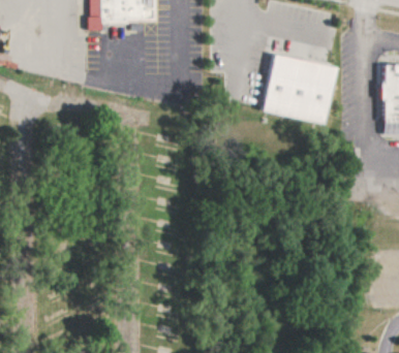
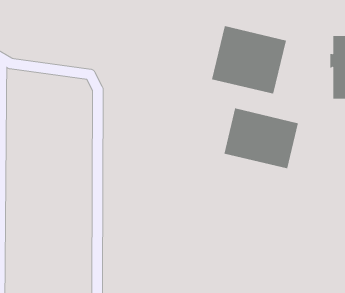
building: none -> [224,108,299,169]

